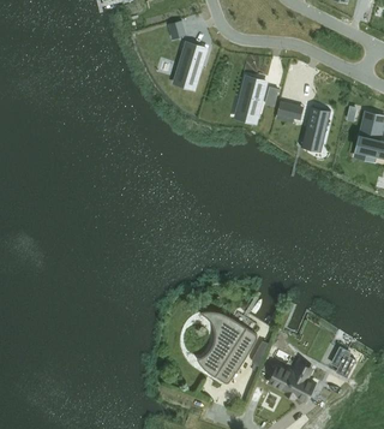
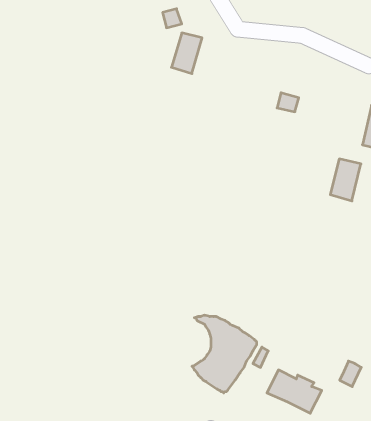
building: [236,78,265,117] -> none
building: [301,107,330,147] -> [330,159,361,201]

